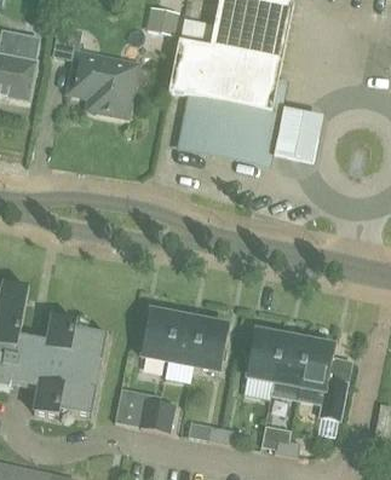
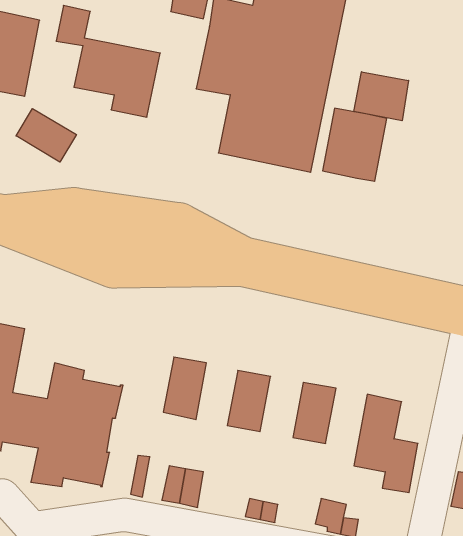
building: none -> [354,72,409,121]
building: none -> [16,109,76,162]
building: [167,314,201,365] -> none
building: [270,335,306,398] -> none

